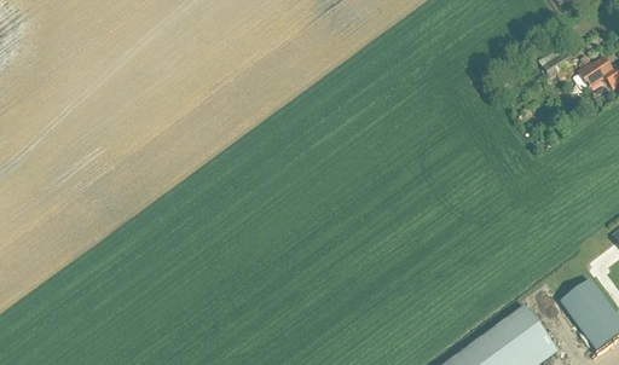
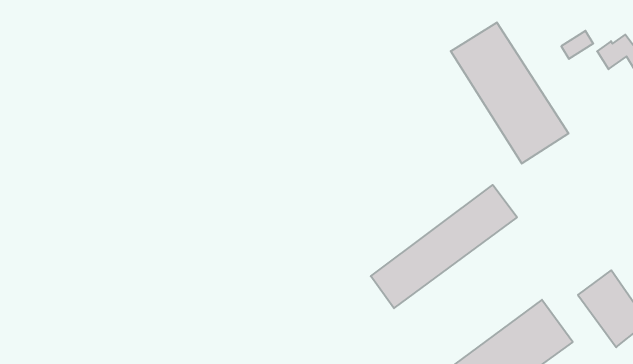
building: none -> [451,22,568,164]
building: none -> [371,185,517,308]

